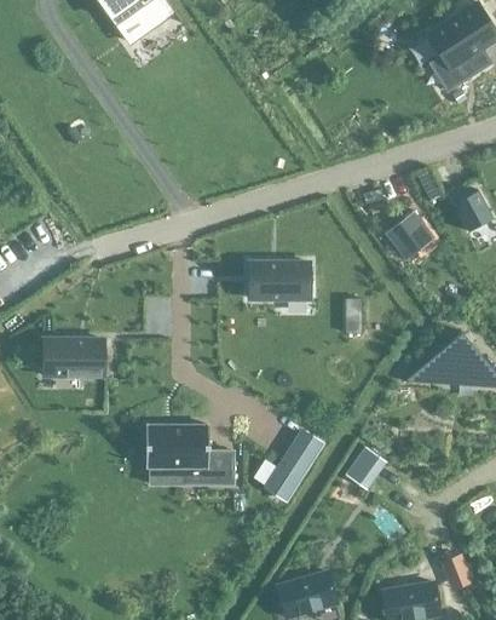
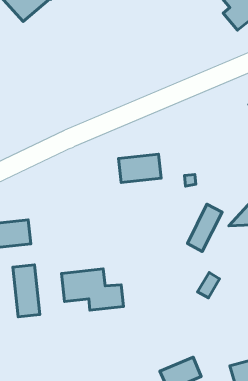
building: [387,214,431,258] -> none
building: none -> [13,265,40,317]
building: [266,430,323,500] -> [188,204,222,252]

